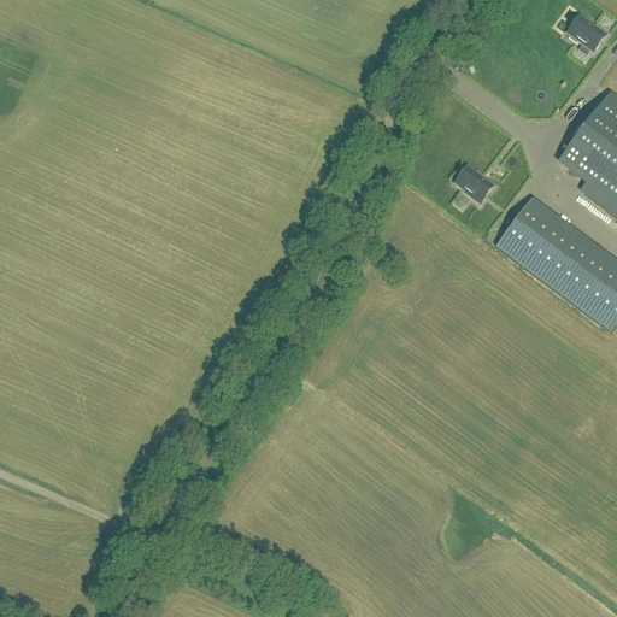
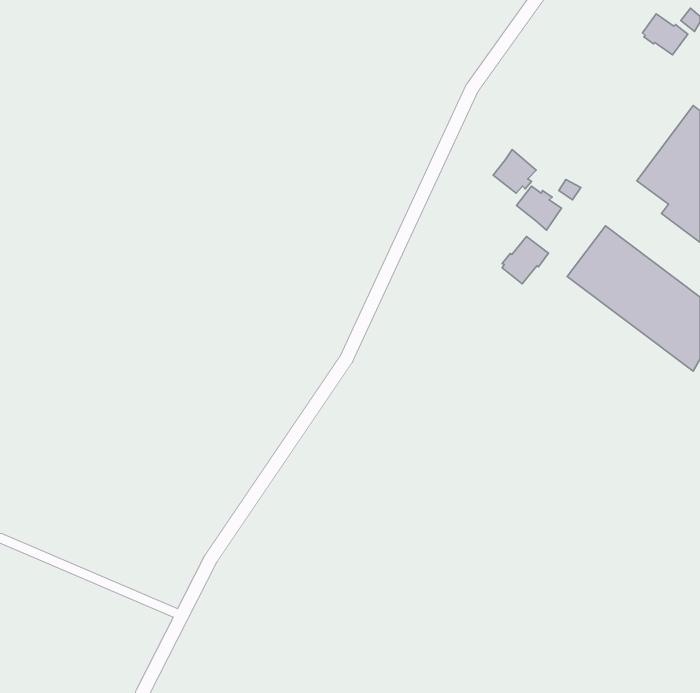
building: none -> [493,150,536,193]
building: none -> [502,237,548,284]

